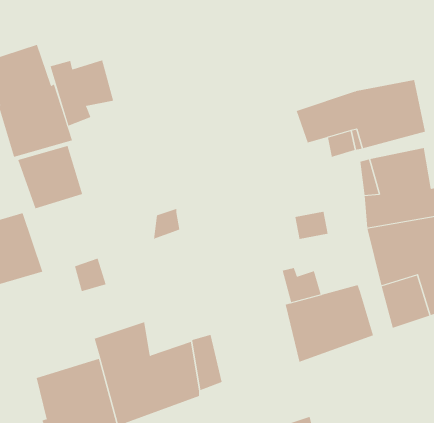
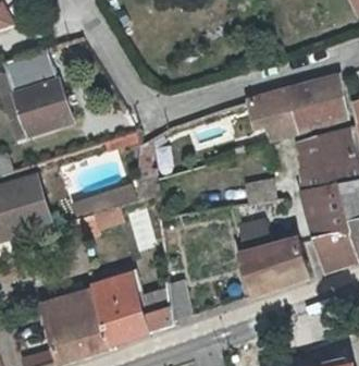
building: [50,60,114,127] -> none
building: [18,145,83,209] -> none

